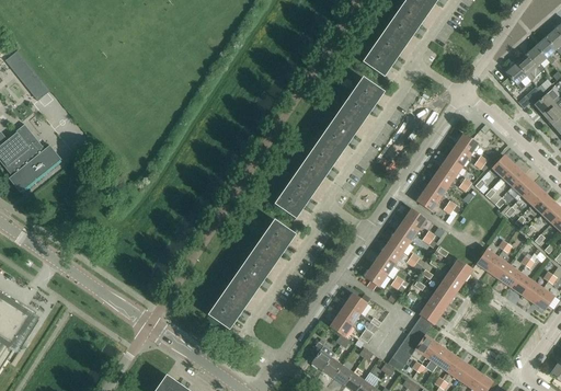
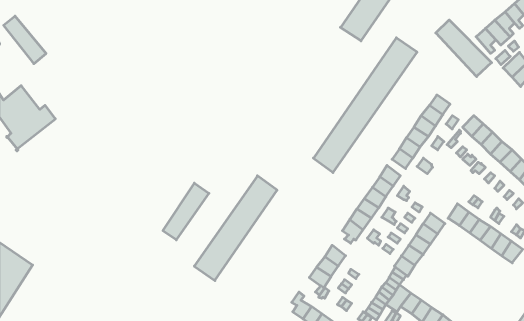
building: none -> [436,20,492,77]
building: [274,77,383,219] -> [313,38,417,173]
building: none -> [163,183,209,240]

